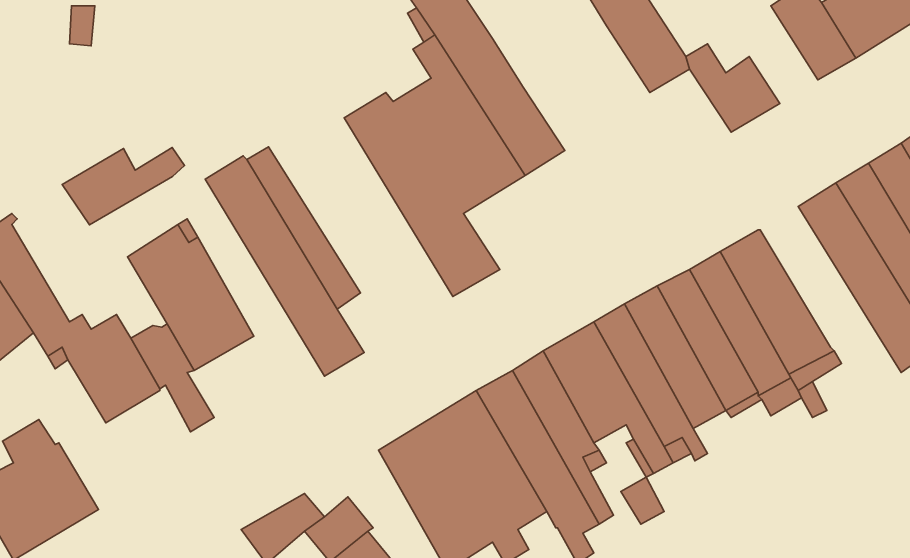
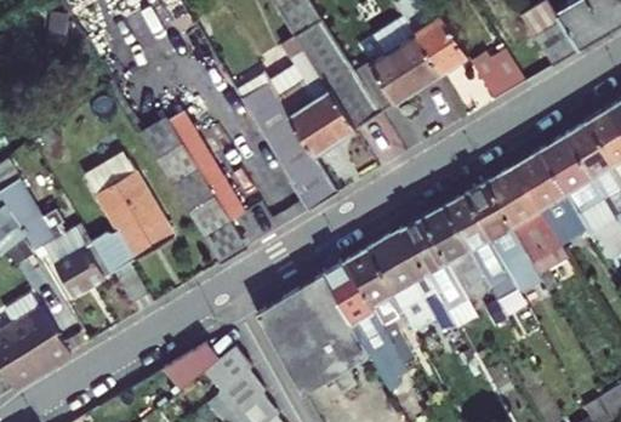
building: none -> [354,29,439,113]
building: [62,148,184,225] -> none
building: none -> [513,150,592,245]

